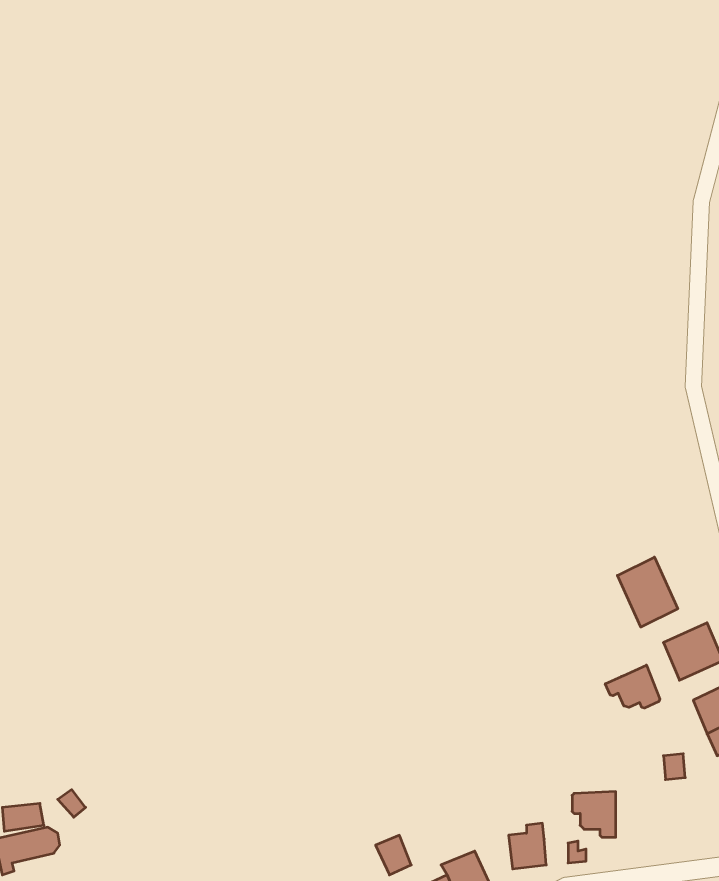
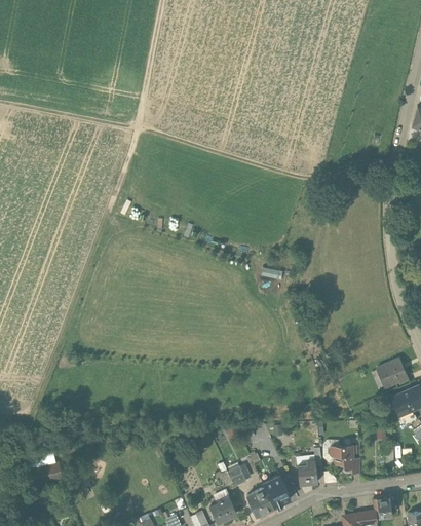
building: [617,557,678,627] -> none
building: [605,665,660,708] -> none

